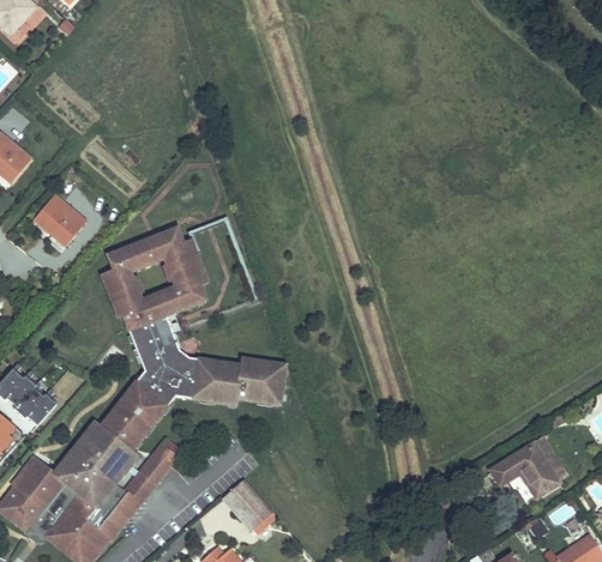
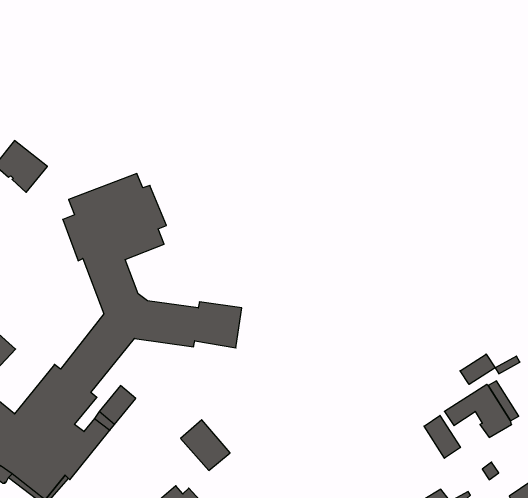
building: none -> [460,354,495,384]
building: none -> [424,415,460,458]

